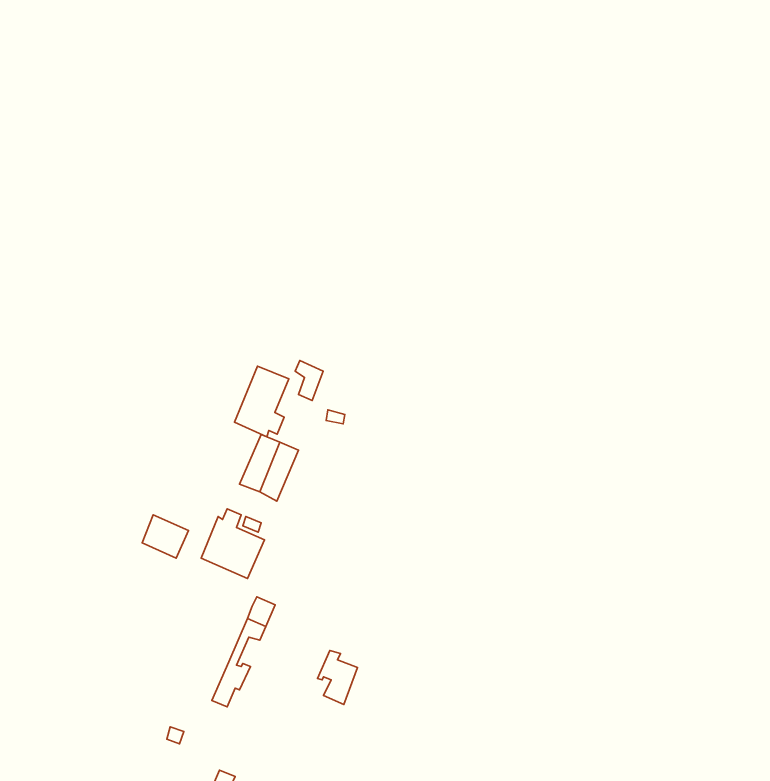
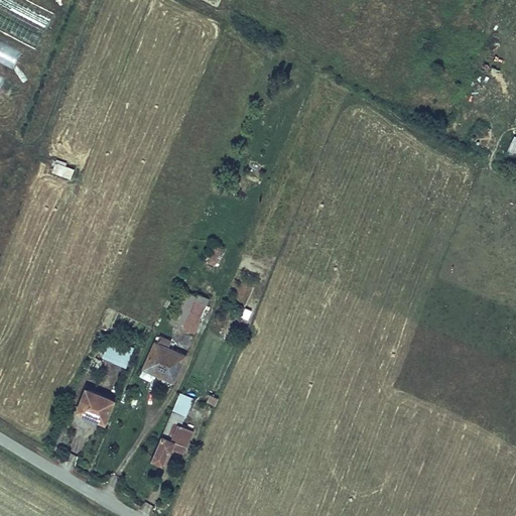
building: [234,366,289,437] -> none
building: none -> [77,392,114,427]
building: [317,651,358,705] -> [167,421,194,457]

